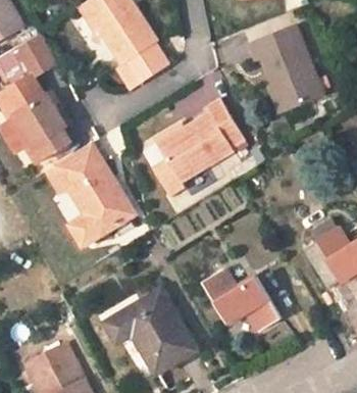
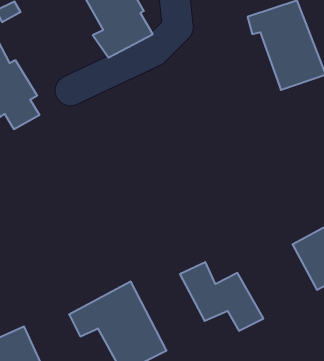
building: [154,97,239,179] -> none
building: [47,145,135,245] -> none

